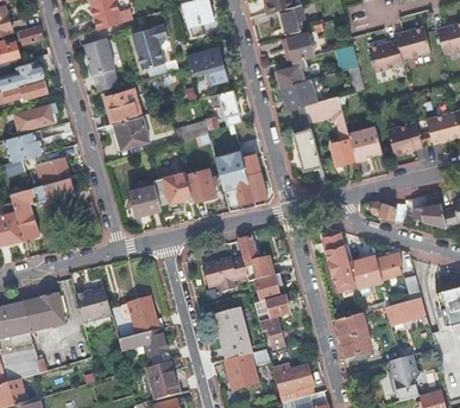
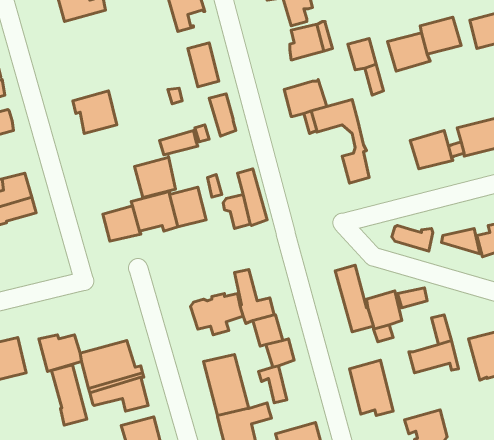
building: [133,25,168,77] -> none
building: [86,38,119,91] -> none
building: [277,57,308,87] -> none
building: [114,115,149,149] -> [134,156,175,198]
building: [348,126,382,160] -> none
building: [294,128,321,170] -> none
building: none -> [51,365,87,425]

